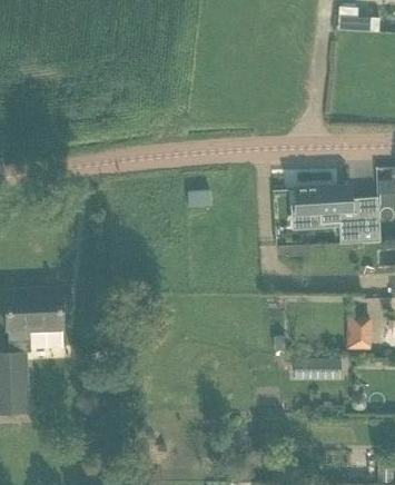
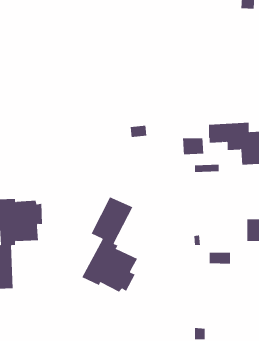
building: none -> [183,138,204,155]
building: none -> [81,196,138,292]

